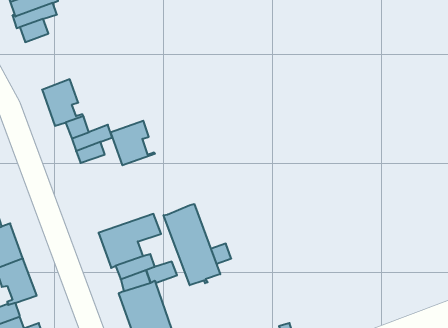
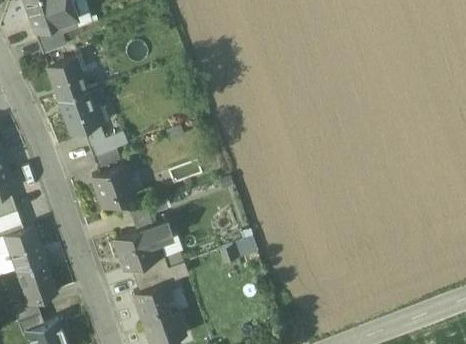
building: none -> [49,55,87,100]
building: [111,121,155,165] -> [93,163,135,205]
building: [164,204,220,285] -> none

